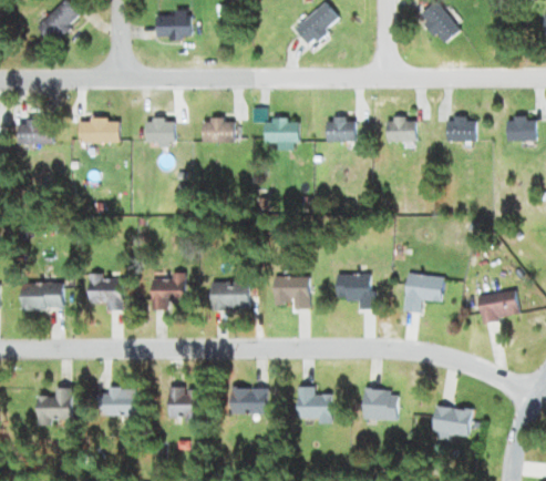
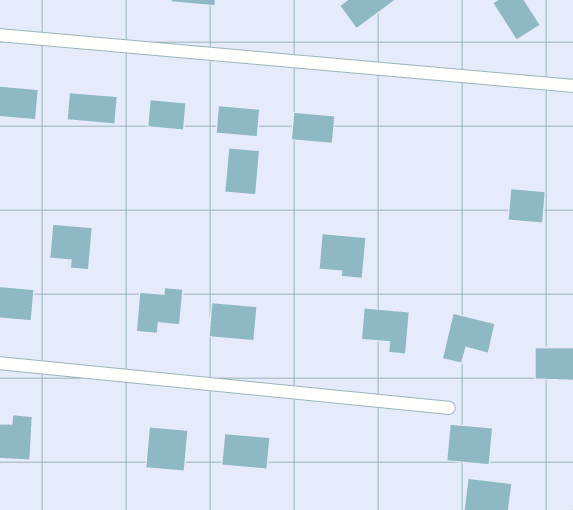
building: [446,116,475,142] -> [508,189,546,223]
building: [326,117,356,142] -> none
building: [387,117,415,142] -> none
building: none -> [225,148,260,195]
building: [89,275,122,309] -> [49,224,93,270]
building: [274,276,310,309] -> [319,234,366,278]
building: [297,387,331,421] -> none
building: [99,388,134,415] -> none
building: [362,389,398,419] -> [447,424,493,464]

